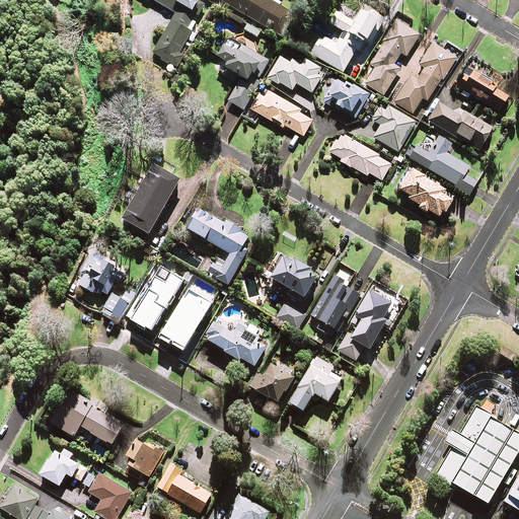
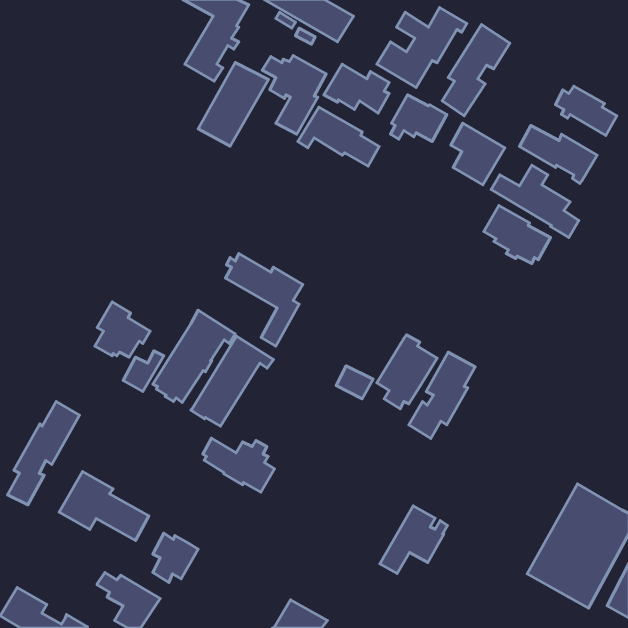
building: [394,43,457,114] -> none
building: [329,135,392,180] -> none
building: [123,165,180,234] -> [198,62,268,146]
building: [269,255,317,302] -> none
building: [207,321,266,366] -> [203,438,274,492]
building: none -> [7,402,79,505]
building: [289,355,345,411] -> [380,506,448,574]
building: [250,364,294,402] -> none
building: [40,449,88,486] -> none
building: [157,463,212,513] -> none

